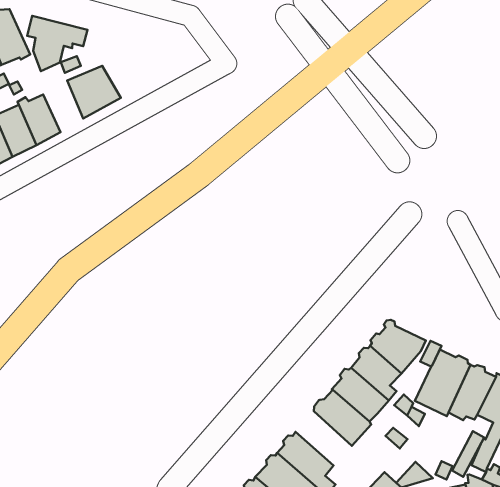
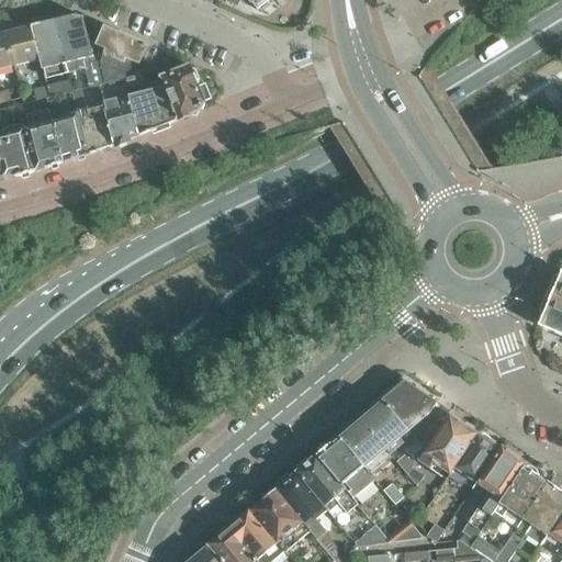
building: none -> [159,61,210,120]
building: none -> [101,94,137,144]
building: none -> [295,453,357,510]

